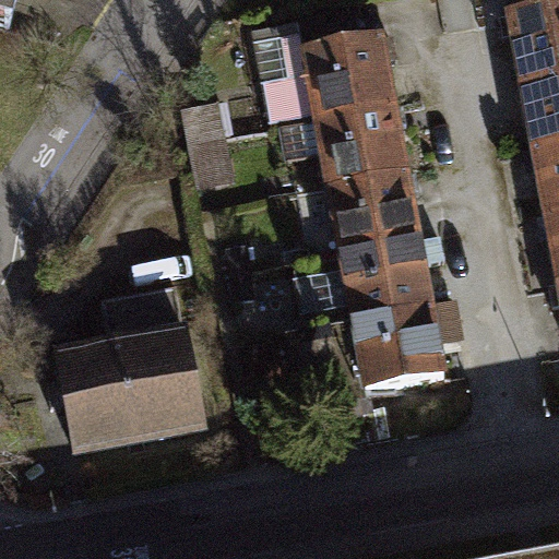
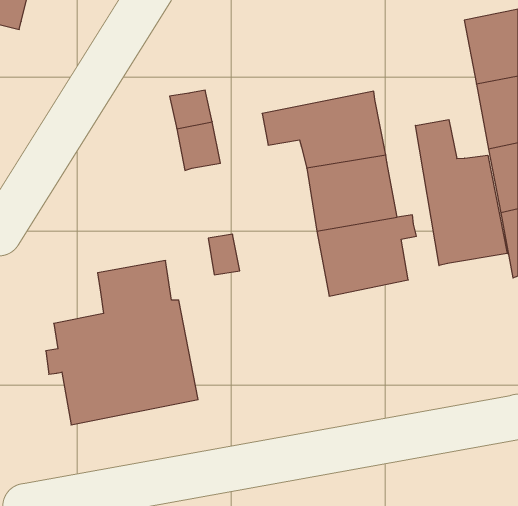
building: [257,20,402,124] -> none
building: none -> [415,120,507,266]
building: [354,296,468,392] -> none

